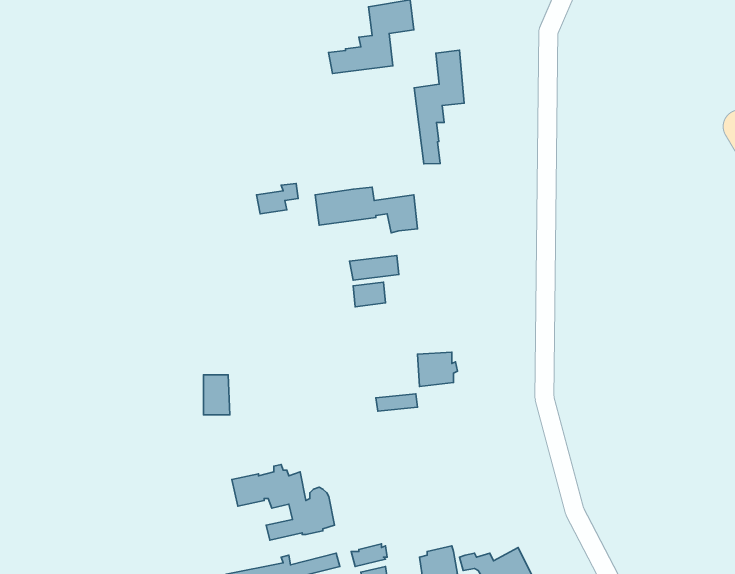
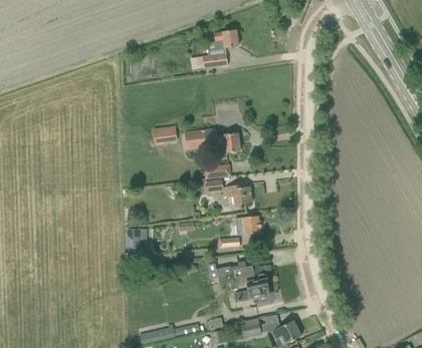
building: [414,50,464,164] -> none
building: none -> [226,186,252,205]
building: [232,464,334,540] -> [216,262,270,302]

